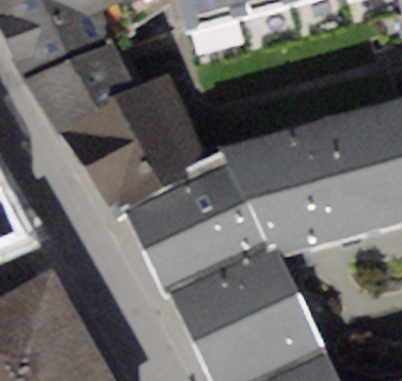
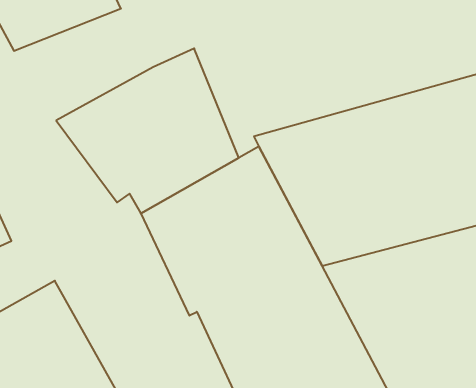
building: [21,43,136,135] -> none

